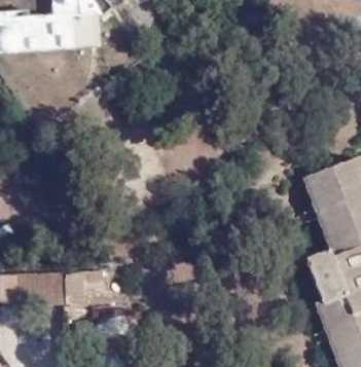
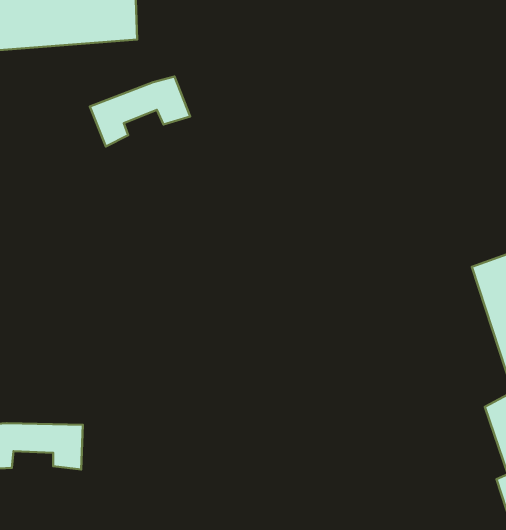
building: none -> [90,76,190,146]
building: [64,272,104,307] -> none

